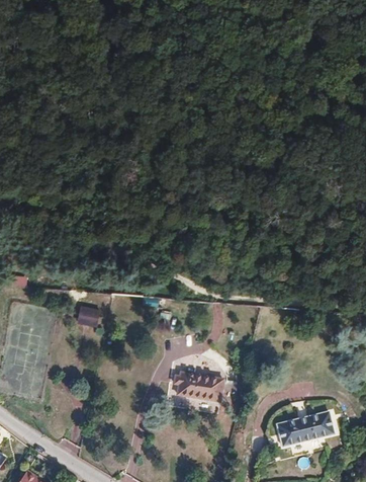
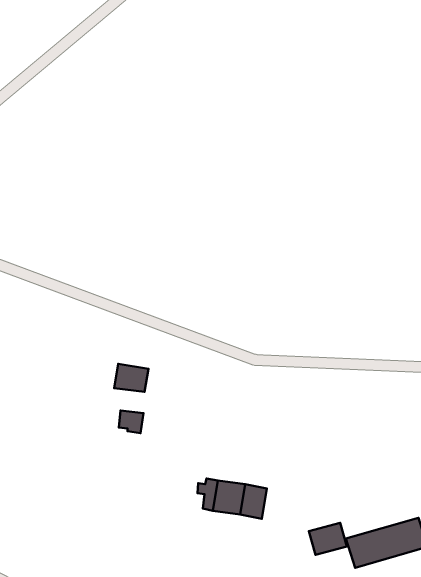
building: [77,303,102,324] -> [114,364,149,392]
building: none -> [309,523,347,555]

